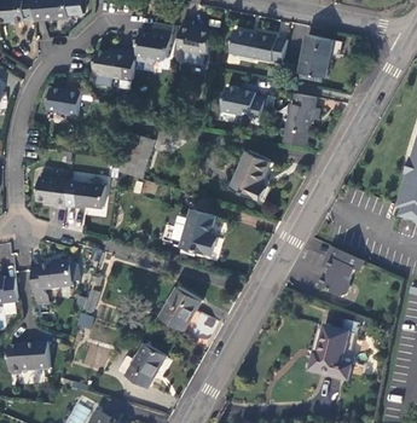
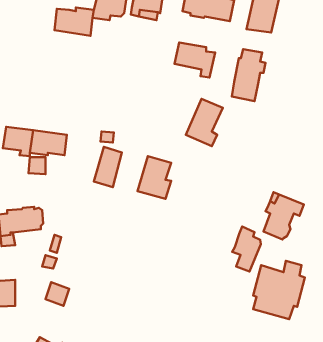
building: [45,87,80,115] -> none
building: [122,134,152,178] -> [94,147,122,187]
building: none -> [232,227,261,271]
building: [162,284,204,329] -> none
building: [129,342,168,386] -> none

